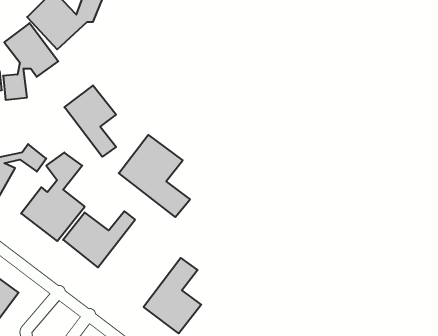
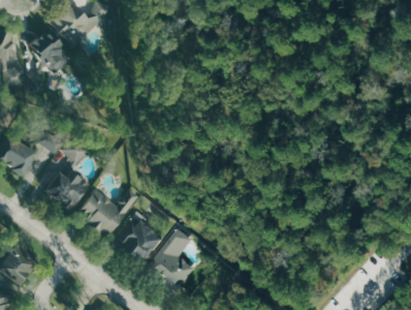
building: [64,85,116,157] -> none
building: [119,135,190,217] -> none
building: none -> [112,216,162,266]

